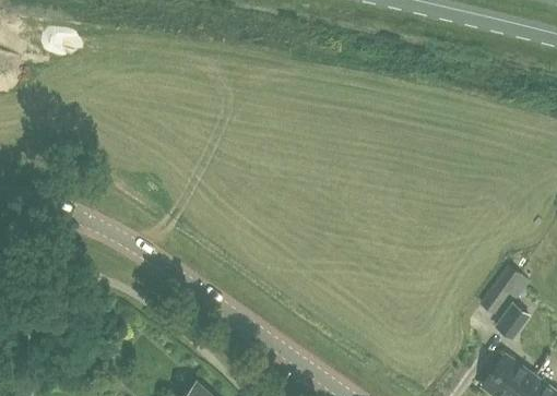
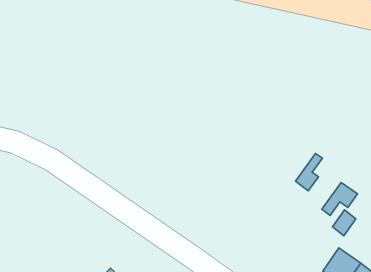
building: none -> [295,154,322,191]

